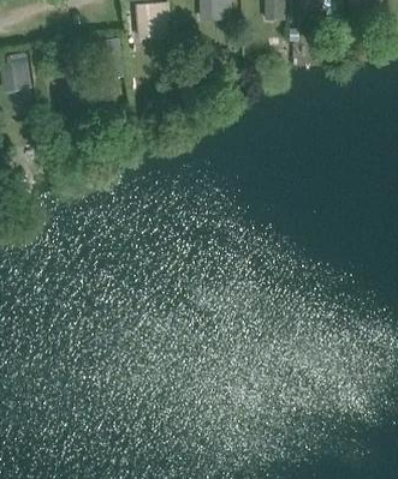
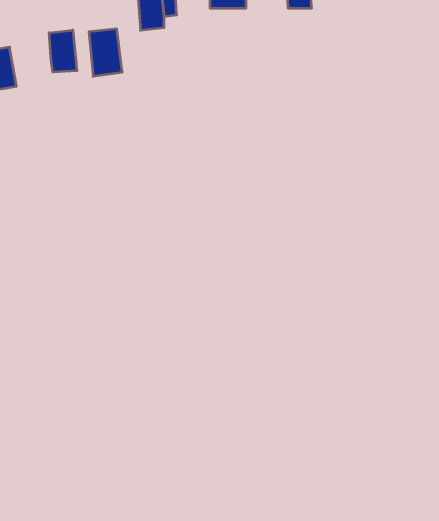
building: none -> [49,30,77,72]

